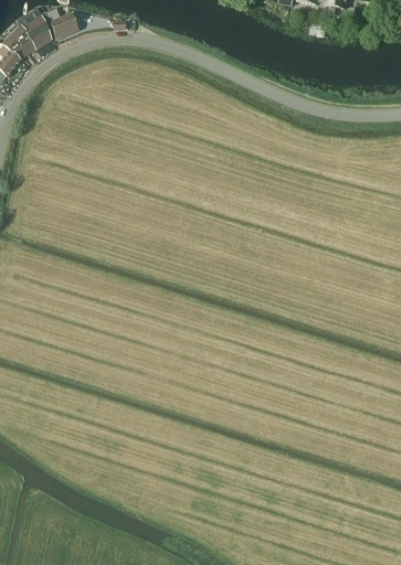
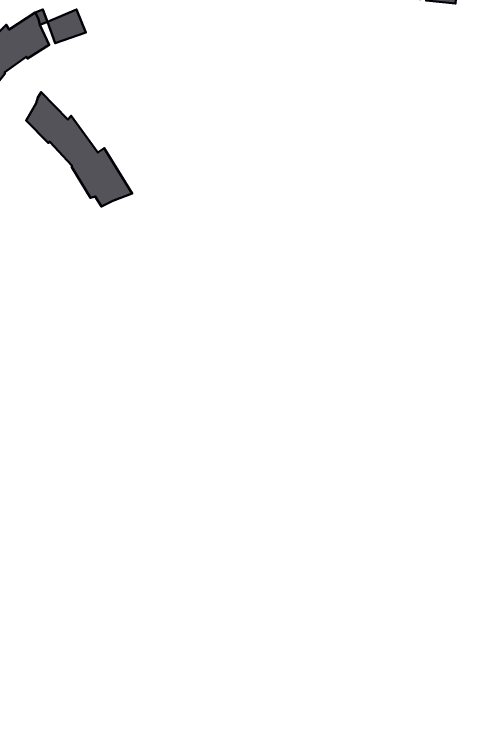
building: none -> [26,92,132,207]

